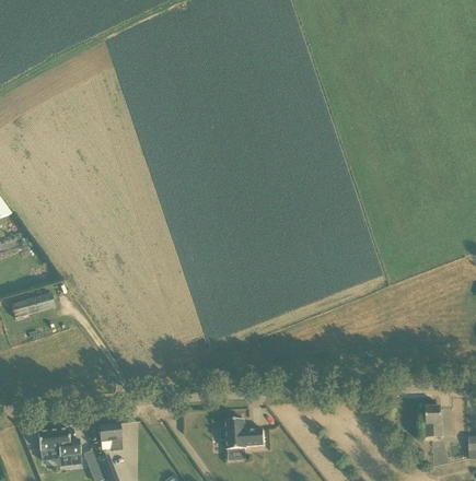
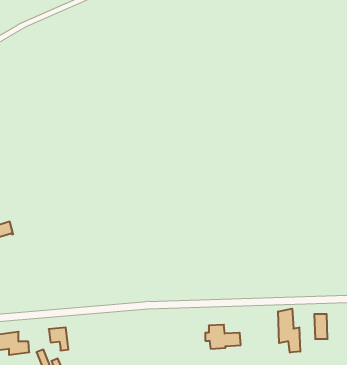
building: none -> [278,309,300,353]
building: [221,420,265,449] -> [205,325,241,349]

